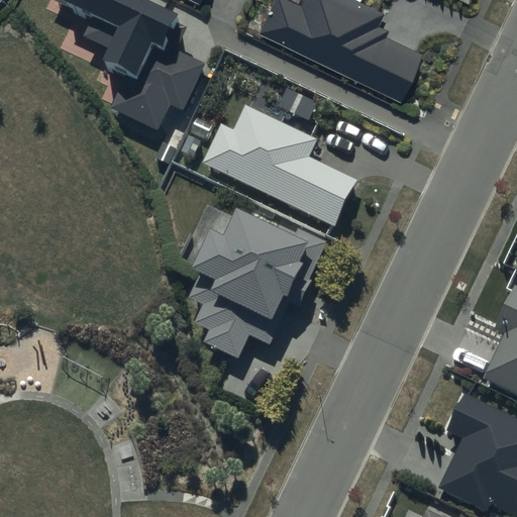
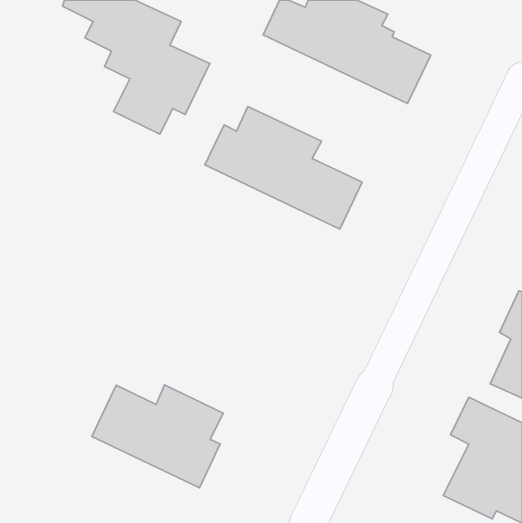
building: [187,209,328,357] -> none
building: none -> [92,385,223,488]

